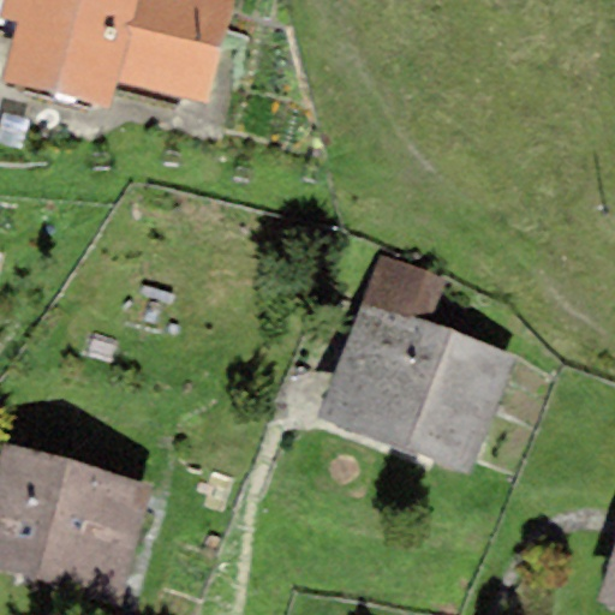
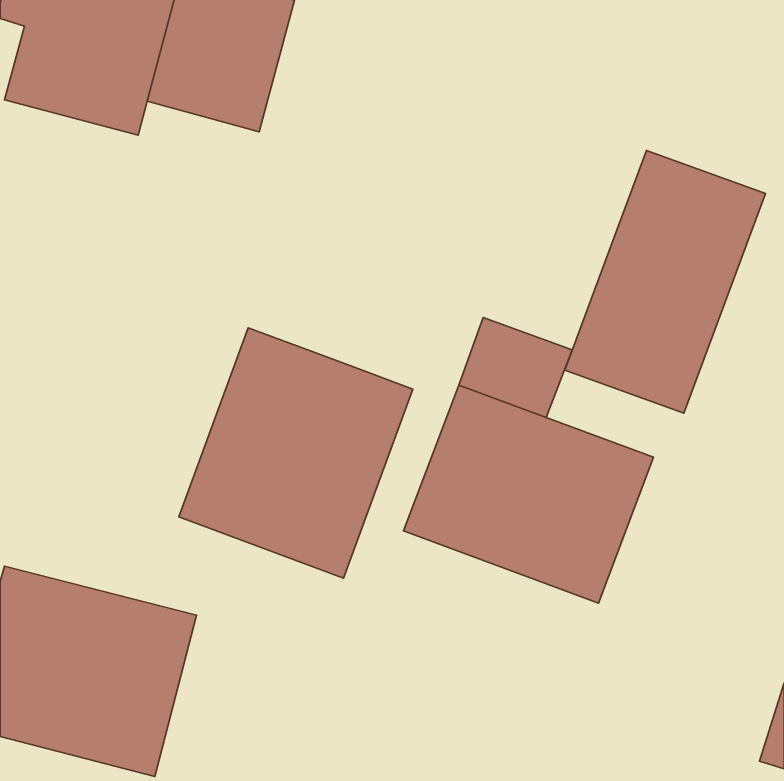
building: none -> [565,150,766,413]
building: none -> [179,328,413,578]

